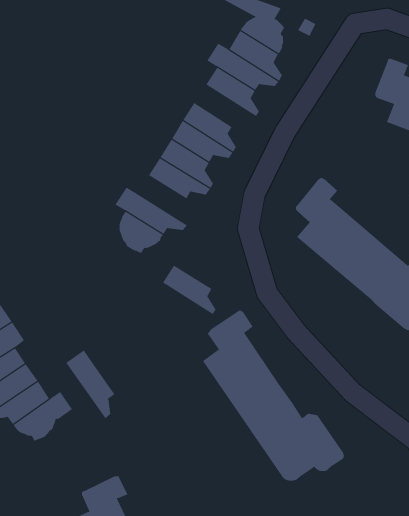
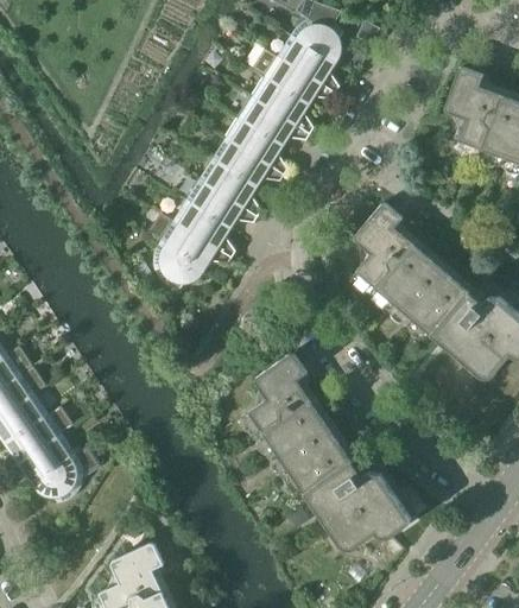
building: none -> [239,97,310,146]
building: [162,265,216,315] -> [173,201,235,258]
building: [66,349,115,419] -> none

